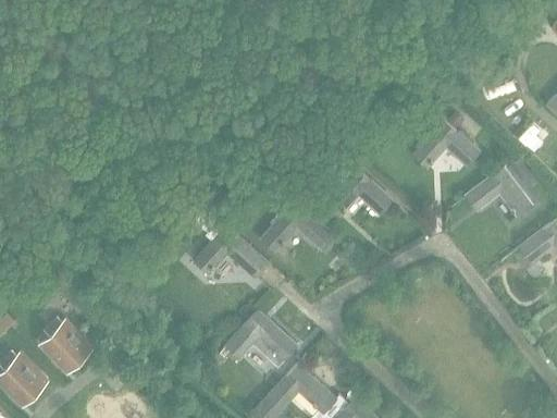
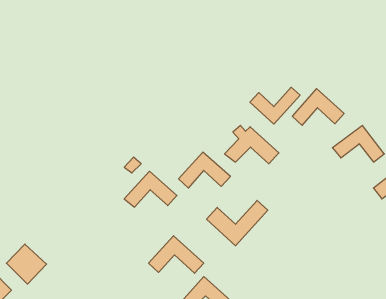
building: none -> [250,87,300,124]
building: none -> [207,200,268,246]

